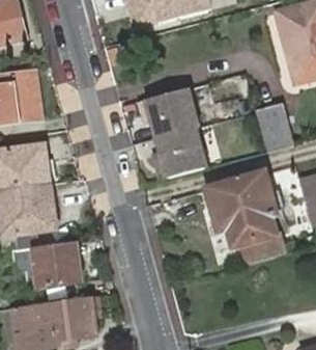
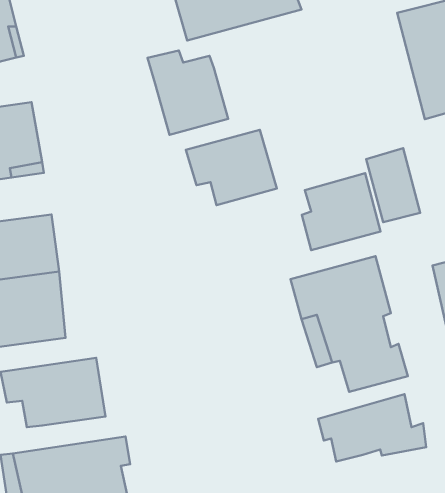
building: none -> [148,50,228,135]
building: [153,128,206,180] -> [302,173,380,250]
building: none -> [318,394,426,461]

